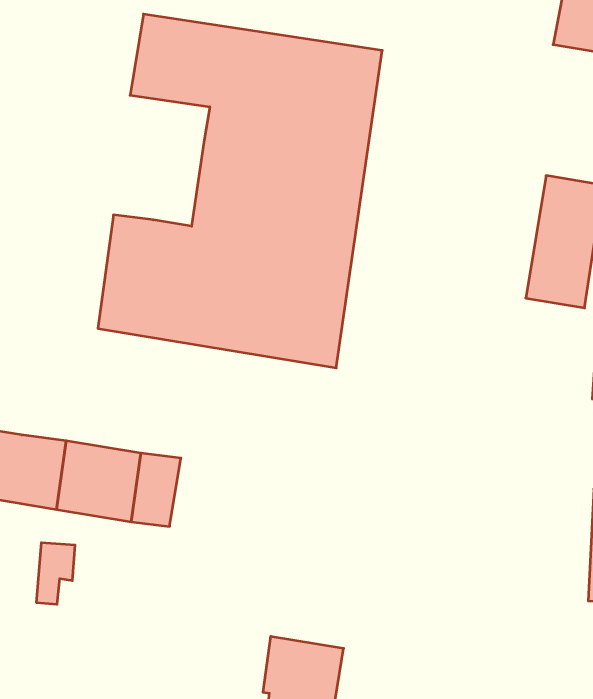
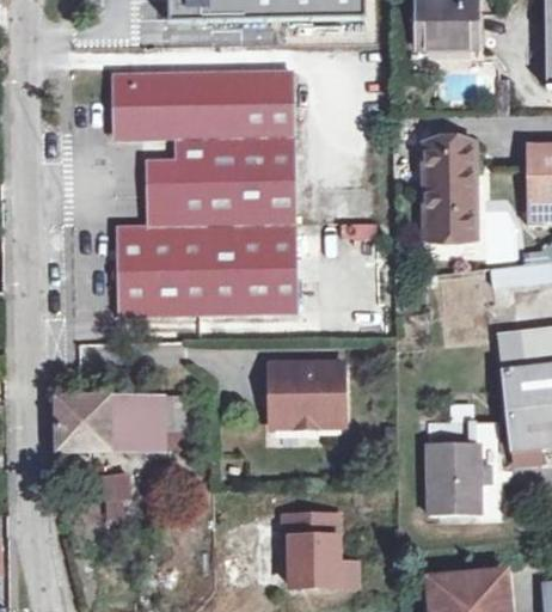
building: none -> [145,160,174,225]
building: none -> [269,365,342,429]
building: none -> [427,443,479,512]

